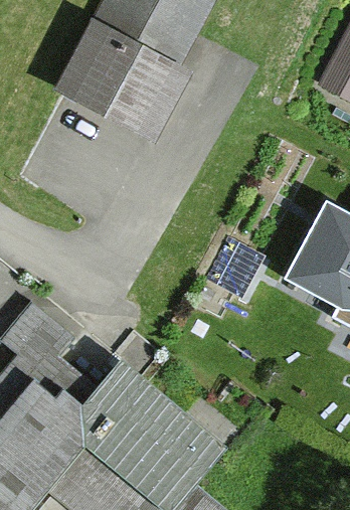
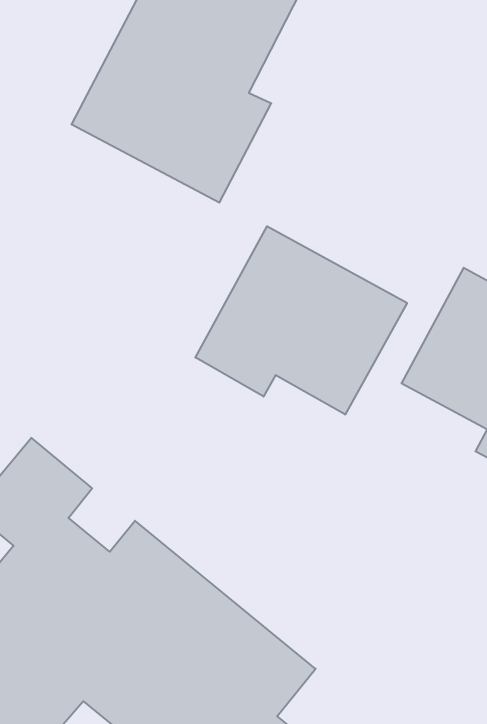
building: none -> [195,226,407,415]

